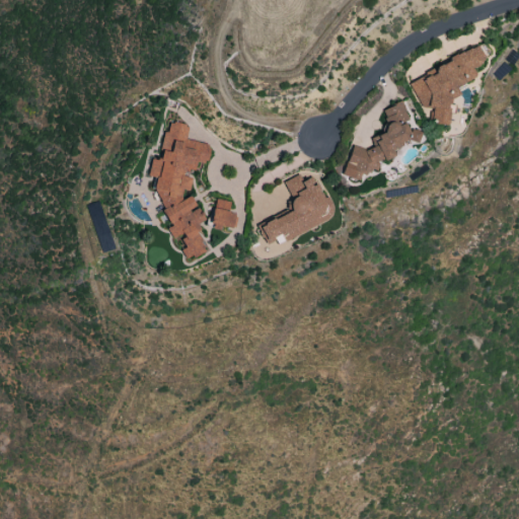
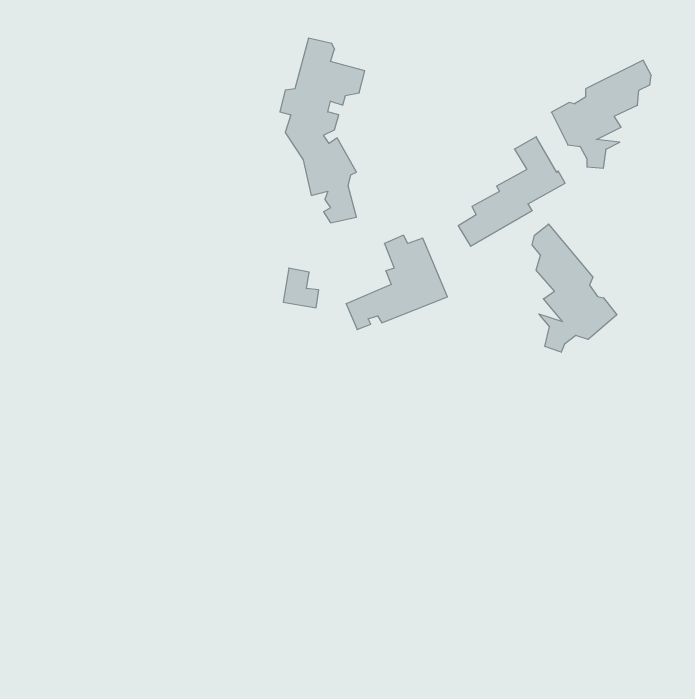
building: [150,121,213,257] -> [280,38,365,223]
building: none -> [532,224,617,352]

